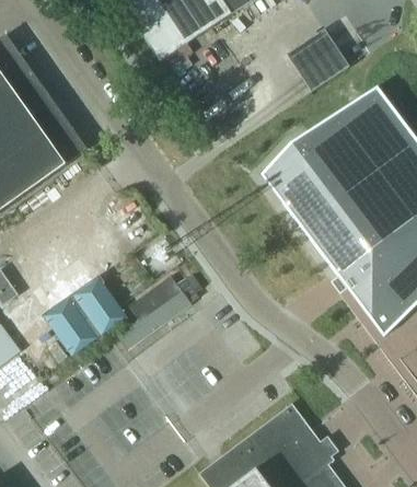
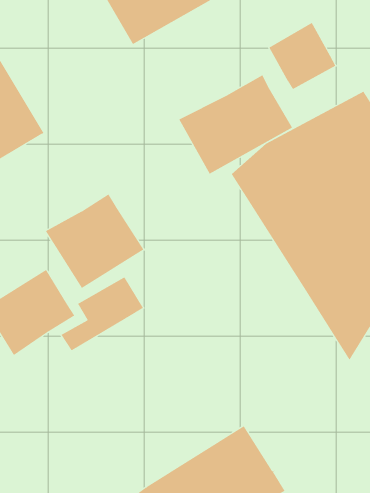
building: none -> [178,75,293,174]
building: none -> [45,194,144,289]

